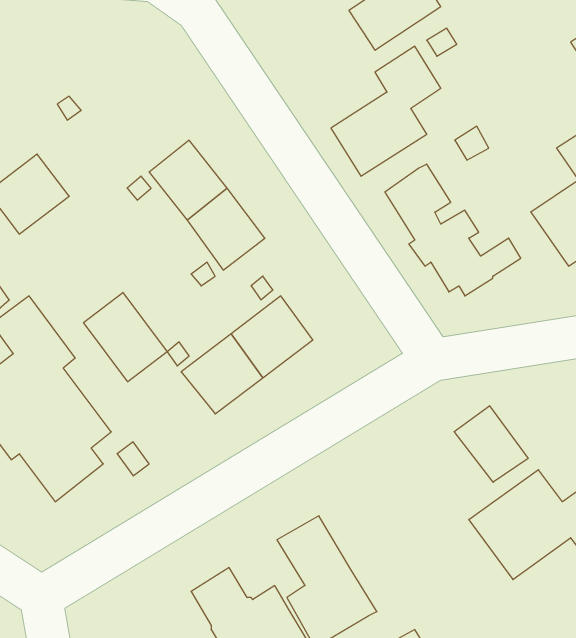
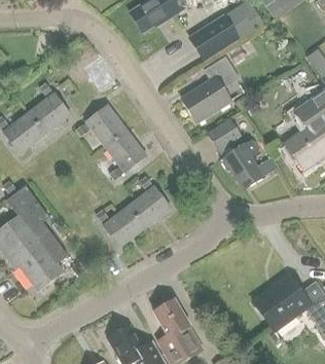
building: none -> [30,93,71,134]
building: [84,292,167,382] -> none
building: [454,406,528,482] -> none

